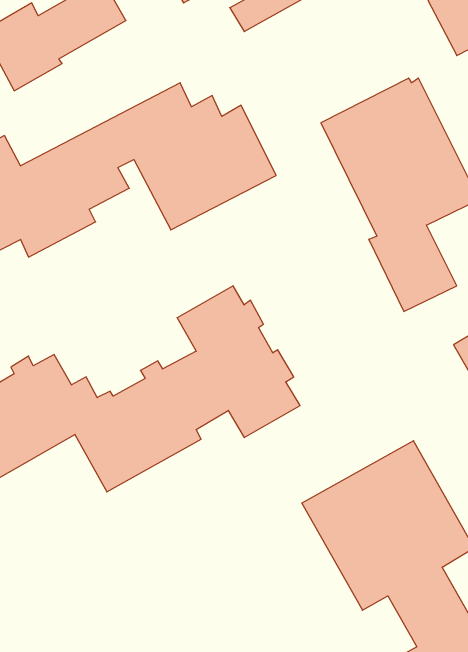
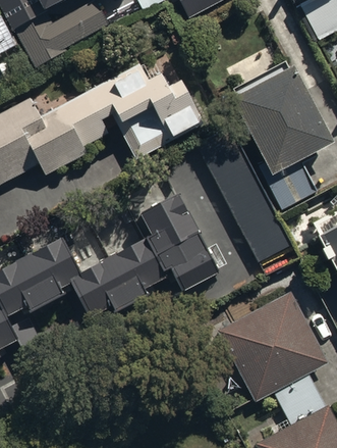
building: none -> [195,129,297,277]

